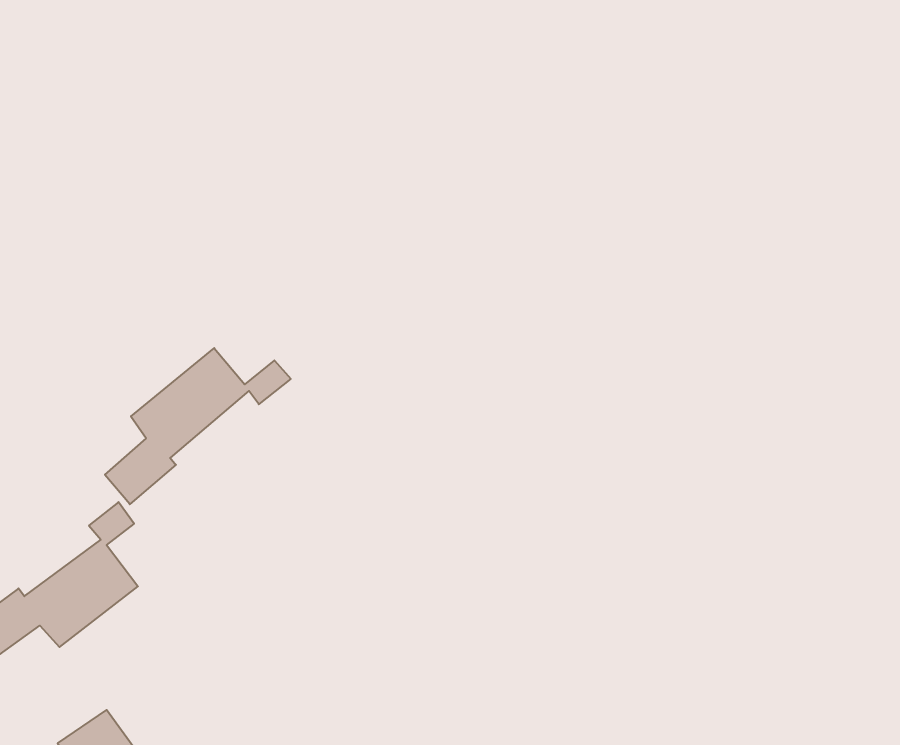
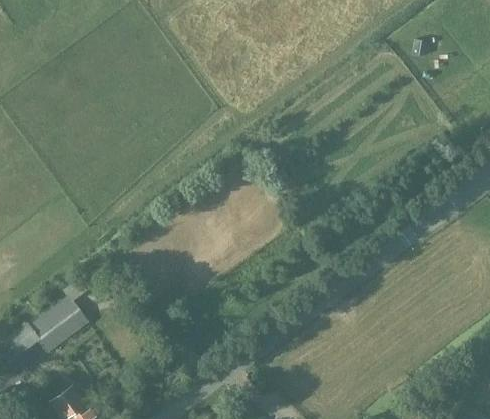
building: [105,348,291,504] -> none

